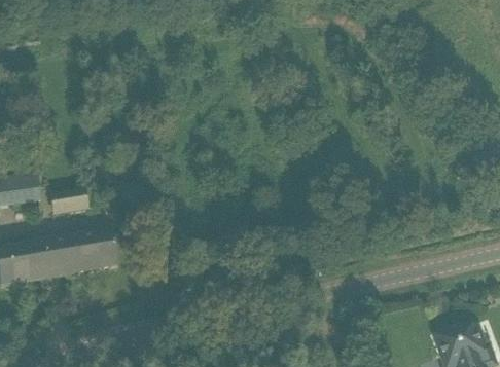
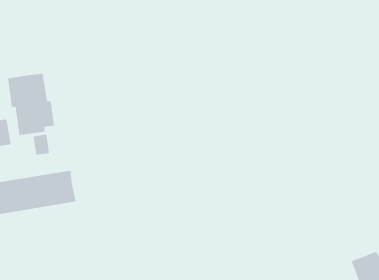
building: none -> [7,73,55,136]

